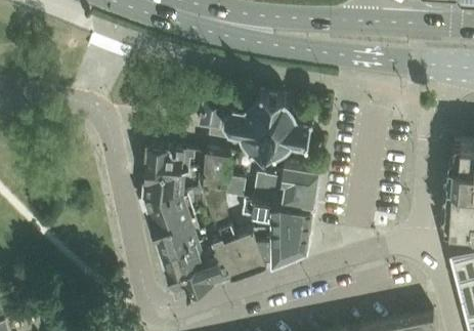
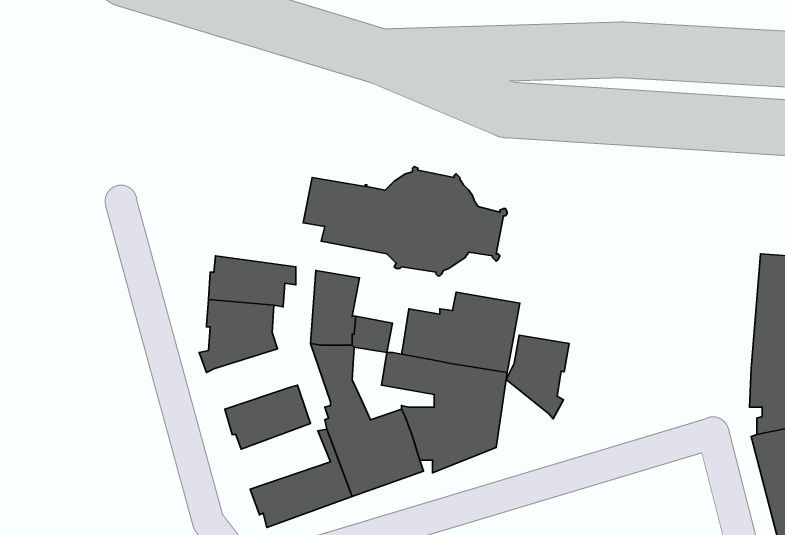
building: none -> [506,335,569,419]
building: [147,199,200,237] -> none
building: [163,236,213,282] -> none

